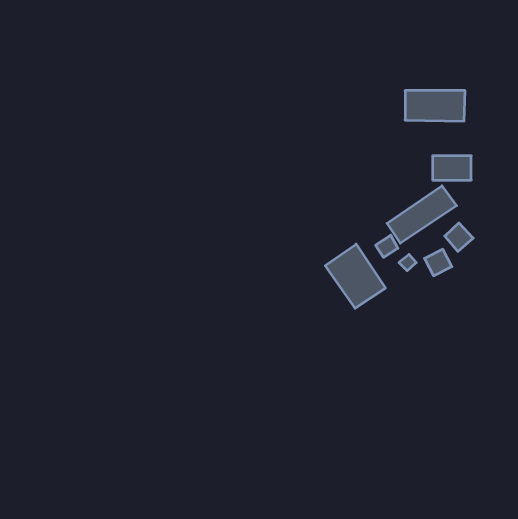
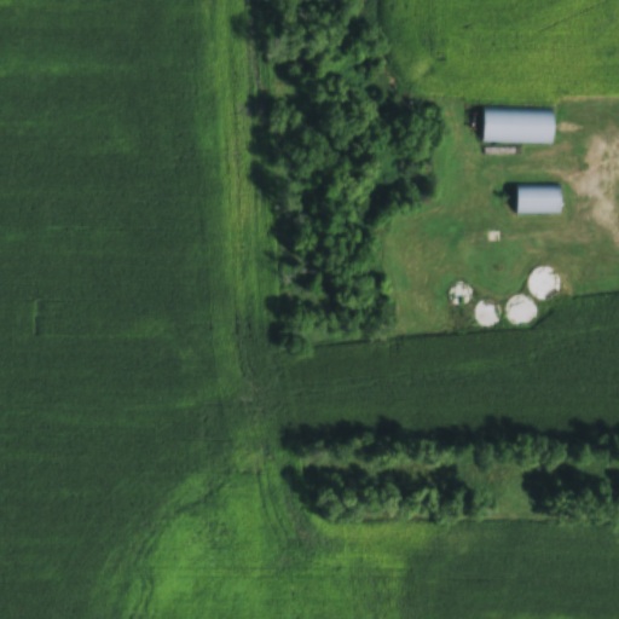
building: [387,186,457,243] -> none
building: [325,244,385,308] -> none

